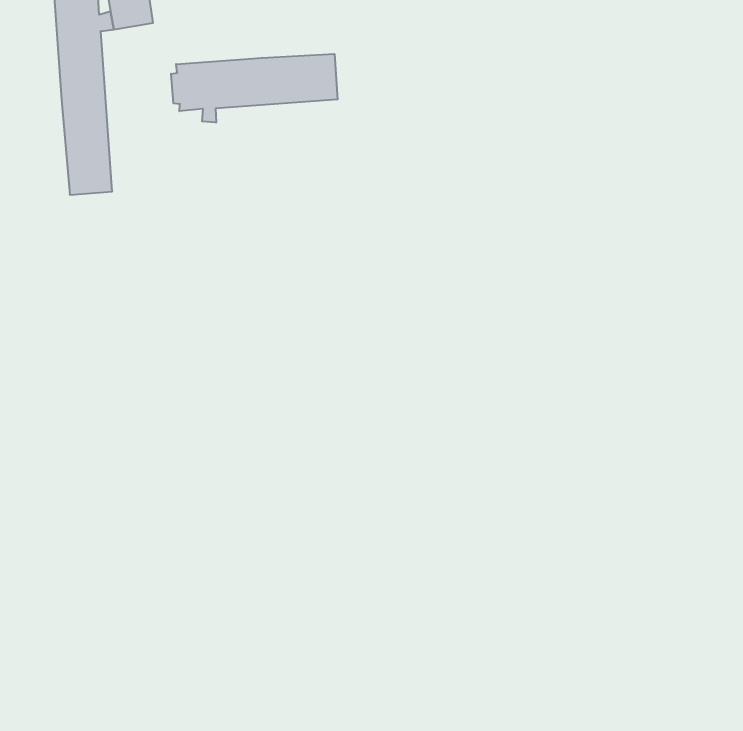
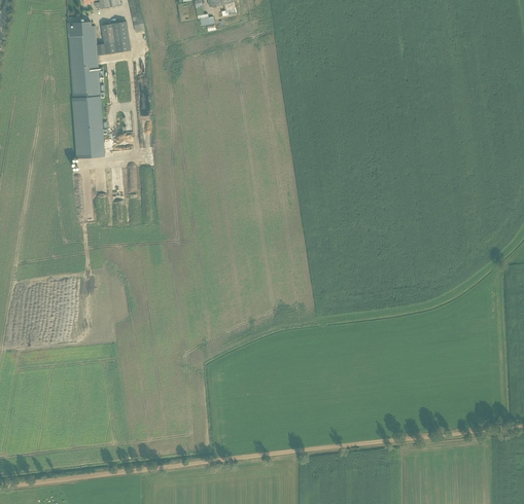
building: [171,54,338,123] -> none

